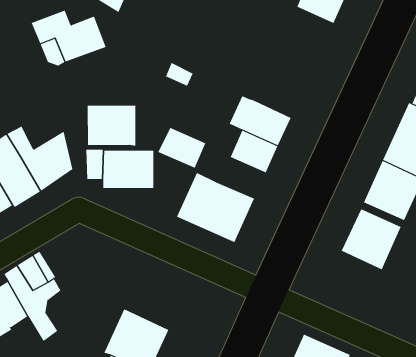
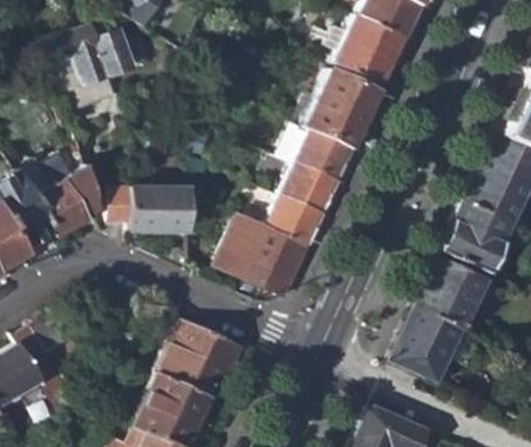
building: none -> [336,14,404,85]
building: none -> [306,71,382,148]
building: [87,105,136,146] -> none
building: [158,127,206,168] -> [269,195,326,244]
building: none -> [391,306,464,382]
building: none -> [158,320,245,399]

